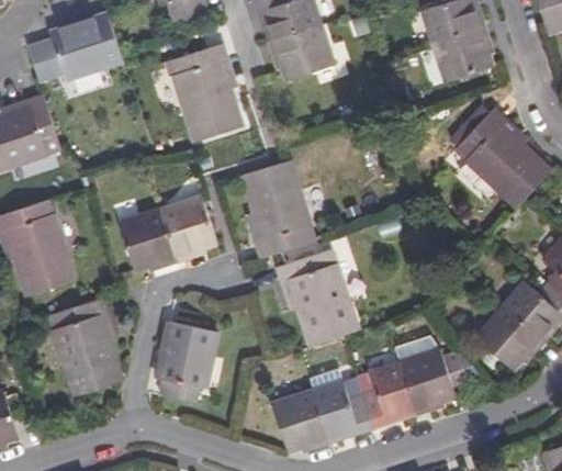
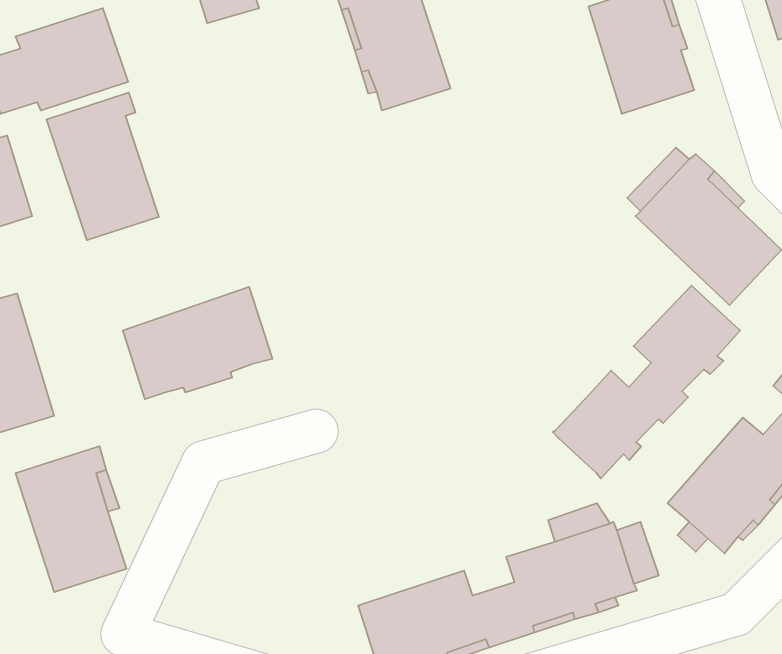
building: [167,45,240,142] -> [46,92,159,240]
building: [241,160,314,258] -> none
building: none -> [553,285,740,479]
building: [278,249,357,345] -> none
building: [155,321,217,401] -> none

